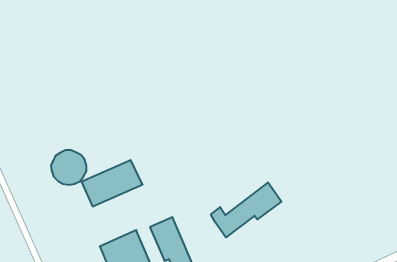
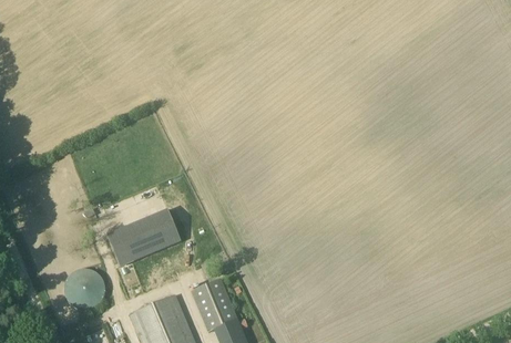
building: [51,150,86,185] -> [64,270,108,312]
building: [211,182,281,237] -> none

